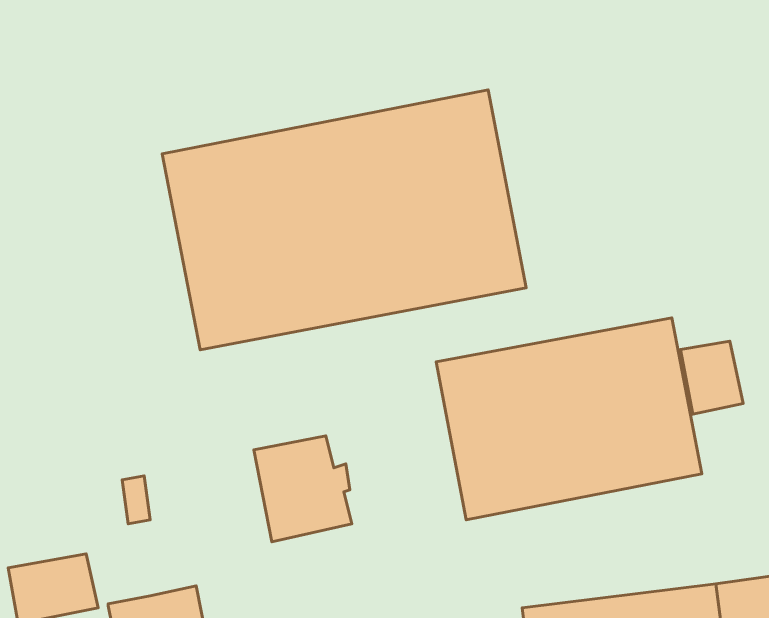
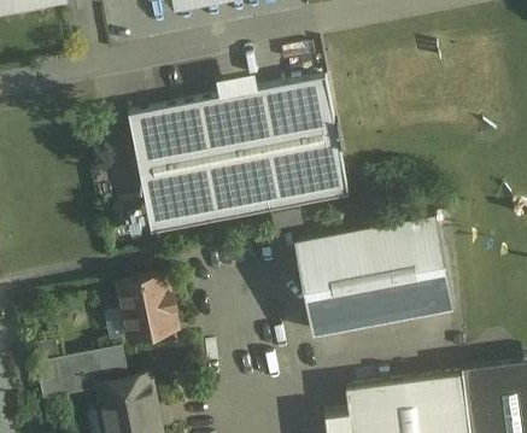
building: [681,341,743,414] -> none
building: [254,436,352,542] -> [117,277,176,341]
building: none -> [82,350,121,390]

